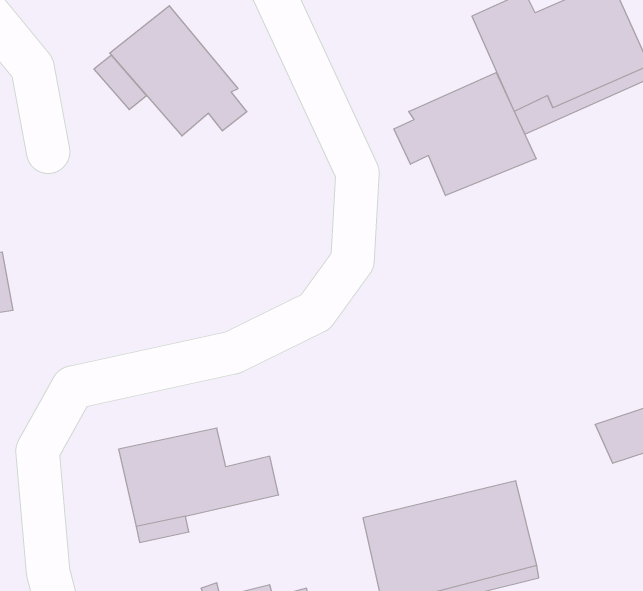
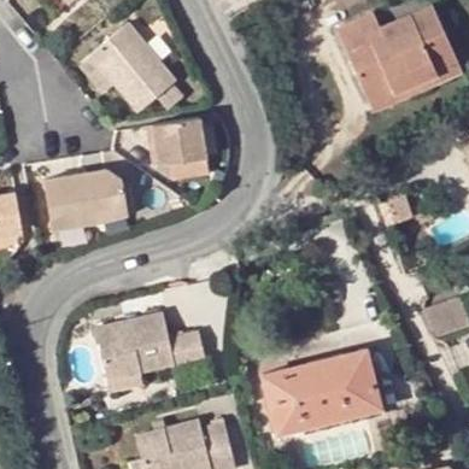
building: [394,73,536,196] -> none
building: none -> [145,117,207,164]
building: none -> [45,169,129,229]

